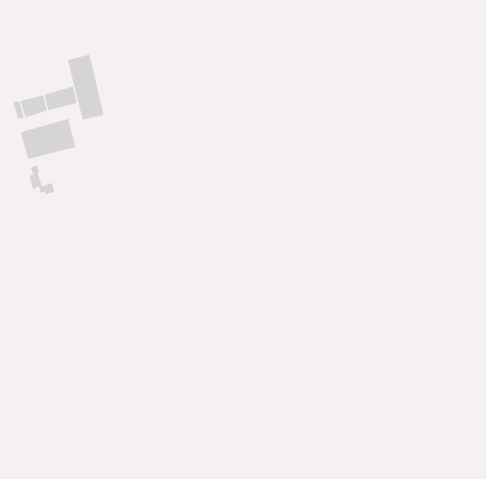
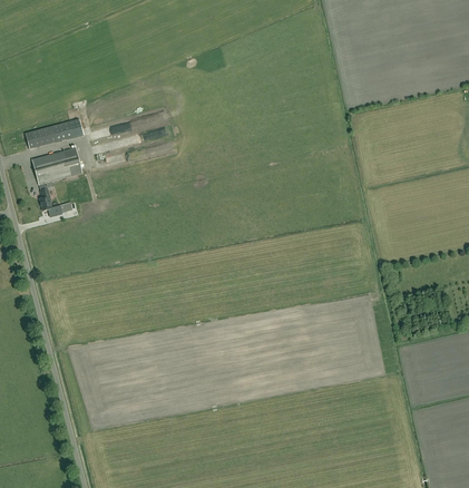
building: [67,54,104,121] -> none

